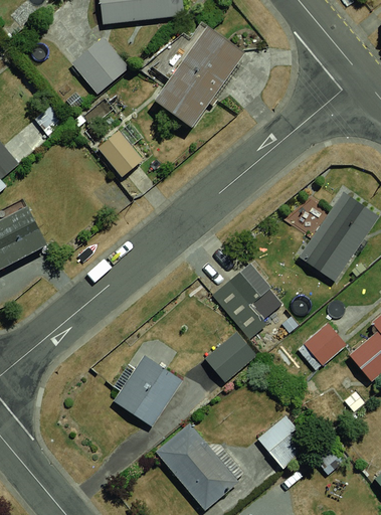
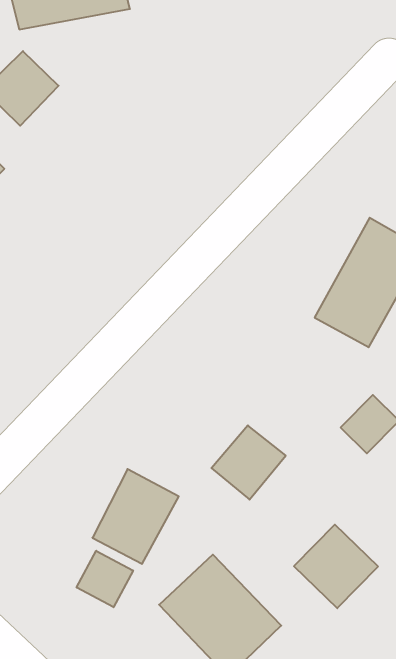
building: [159,24,249,124] -> none
building: [94,127,145,179] -> none
building: [208,262,268,341] -> none
building: none -> [77,551,133,607]

